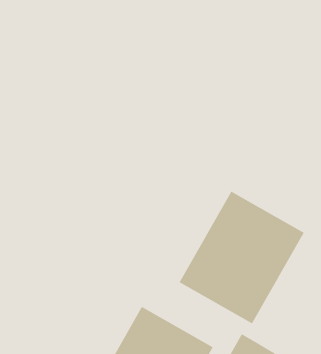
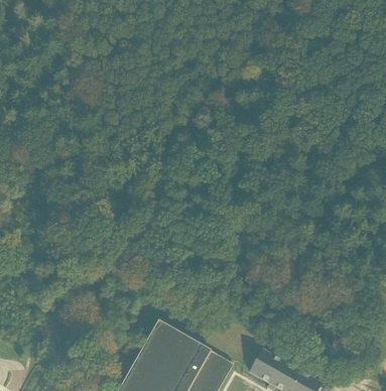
building: [179,191,304,324] -> none

